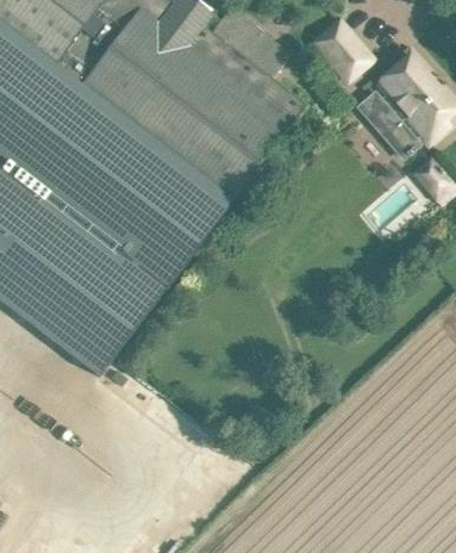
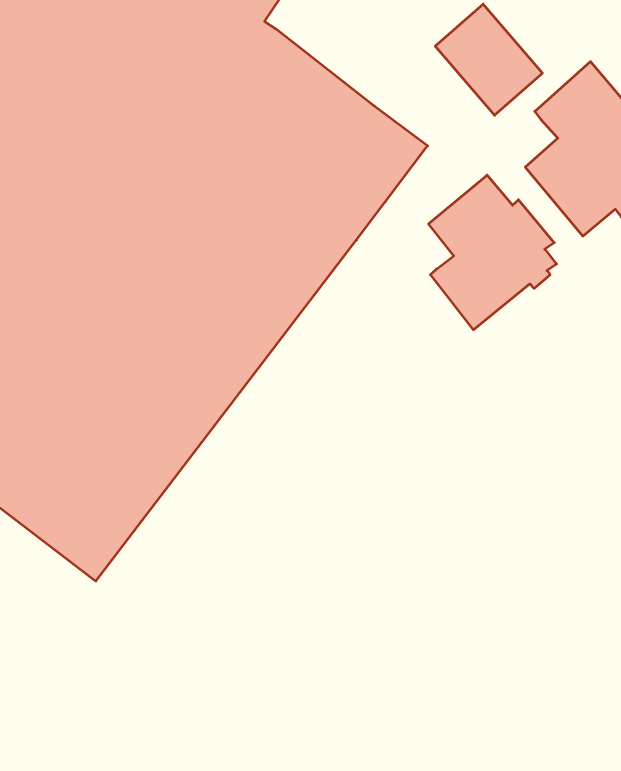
building: none -> [429,175,557,330]

